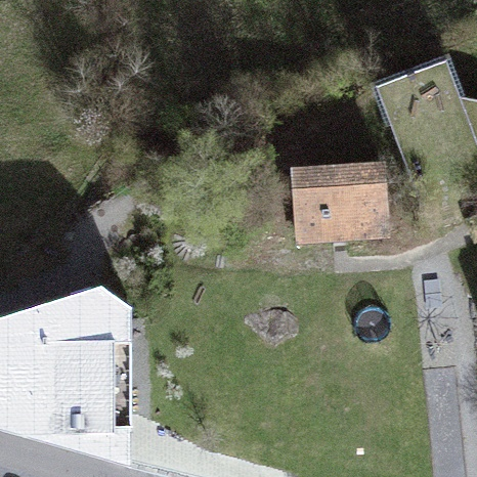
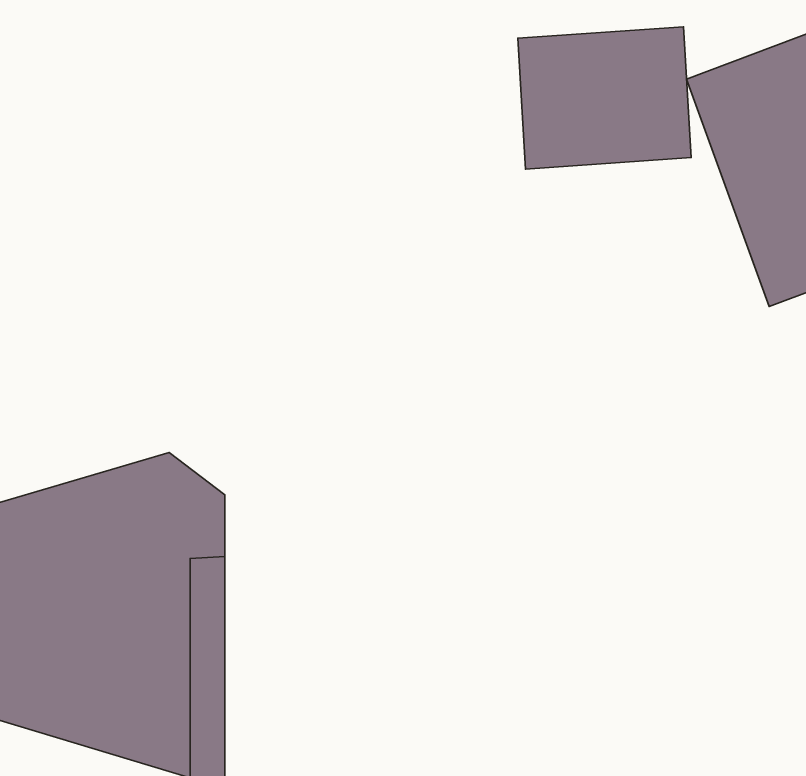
building: [293,163,385,238] -> [518,27,691,169]

